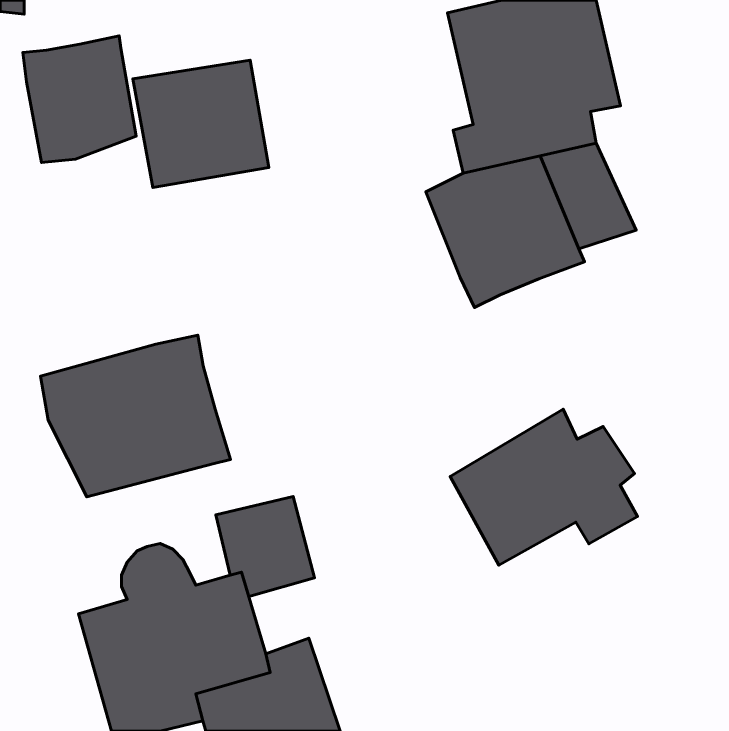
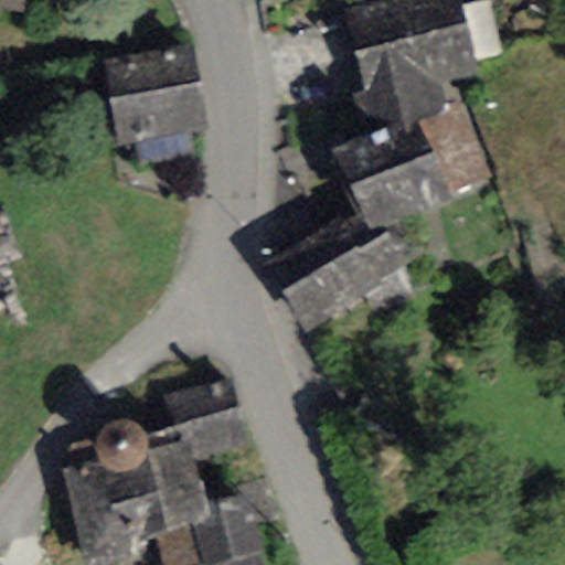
building: [23,36,136,162] -> none
building: [40,335,231,497] -> none
building: [450,409,637,565] -> [269,214,414,334]

